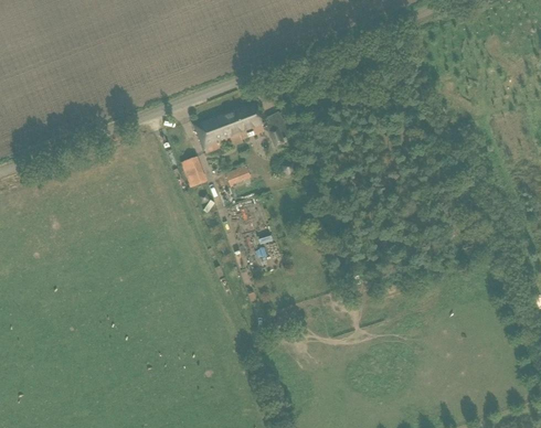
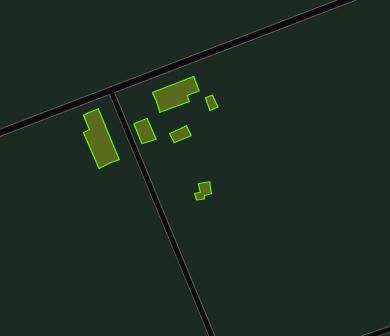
building: none -> [84,109,119,169]

